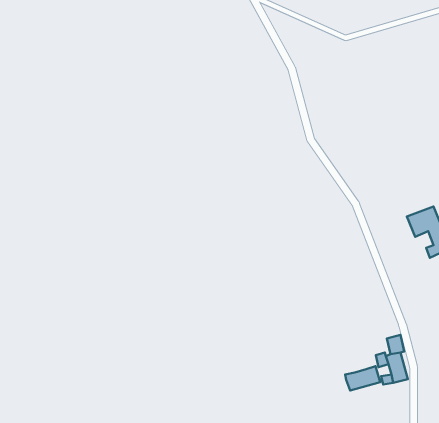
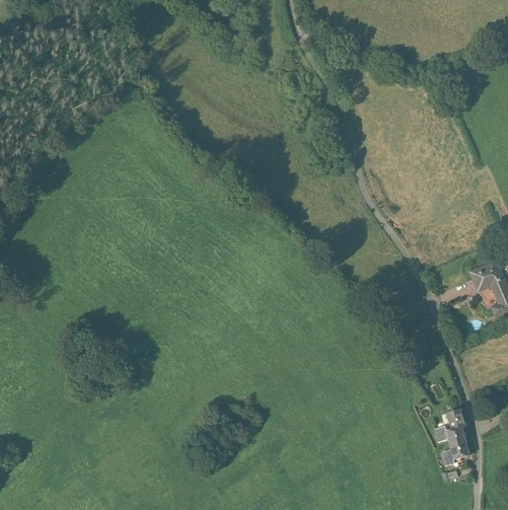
building: [345,366,380,391] -> none

